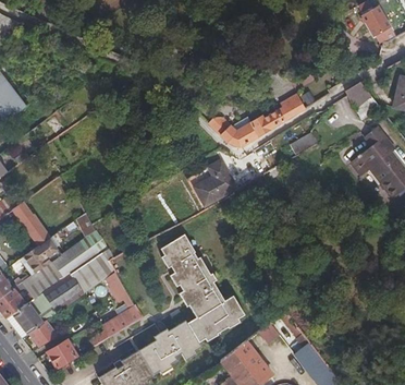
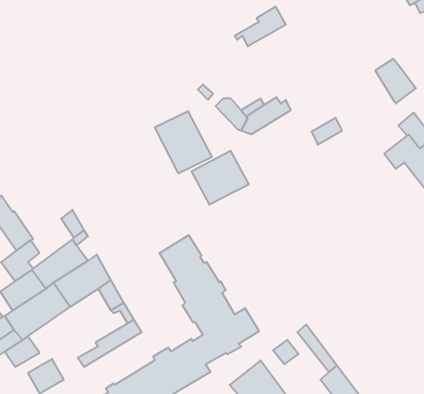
building: [261,93,305,127] -> [235,7,286,46]
building: none -> [155,111,212,173]

